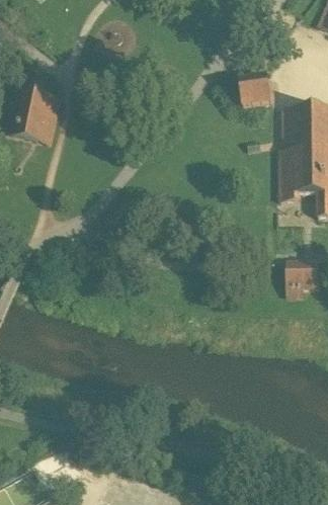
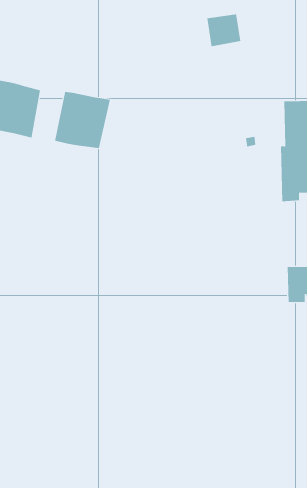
building: [238,75,270,105] -> [206,14,241,47]
building: none -> [55,91,110,149]

